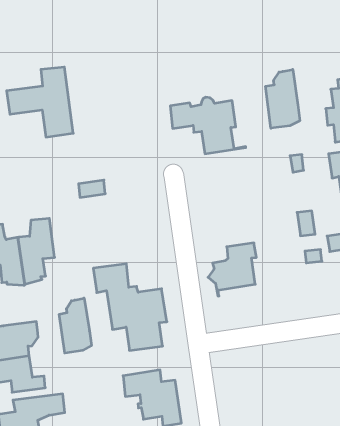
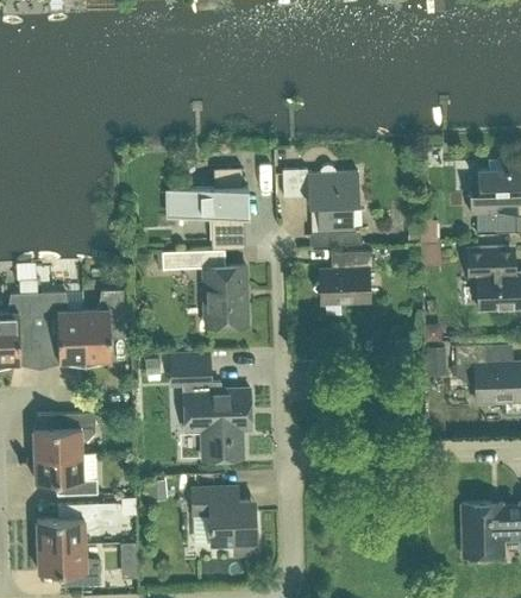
building: [7,67,73,137] -> [170,169,245,251]
building: [266,69,300,128] -> none
building: none -> [203,266,247,327]
building: [208,243,256,296] -> [313,252,374,311]
building: [59,298,91,353] -> none

